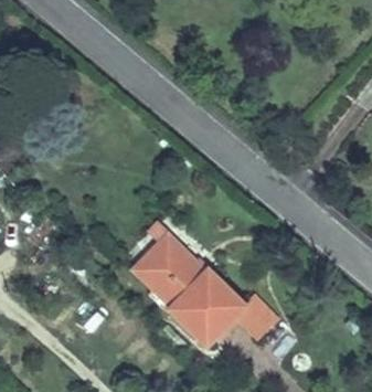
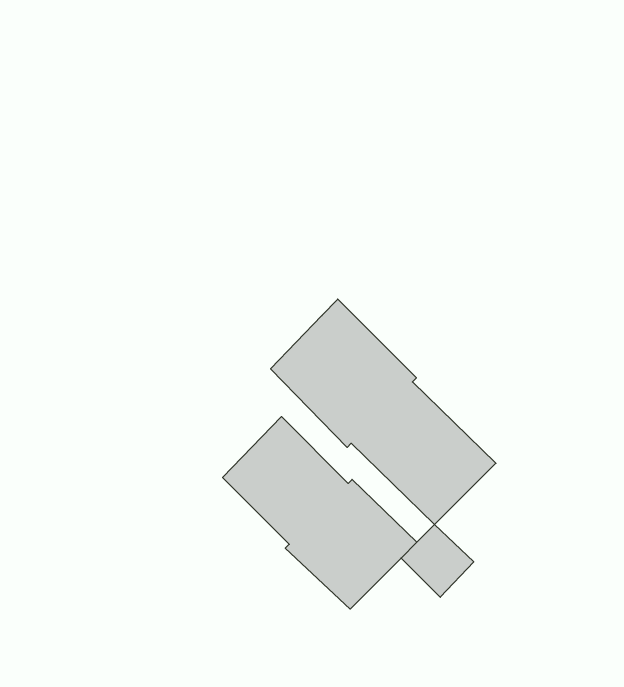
building: none -> [271,299,496,525]

